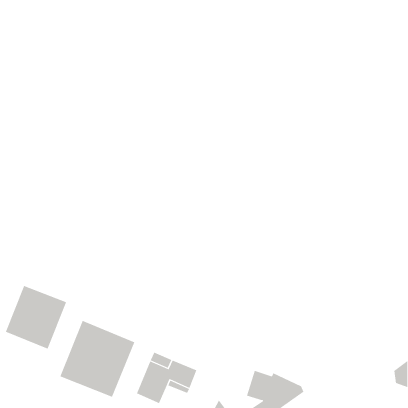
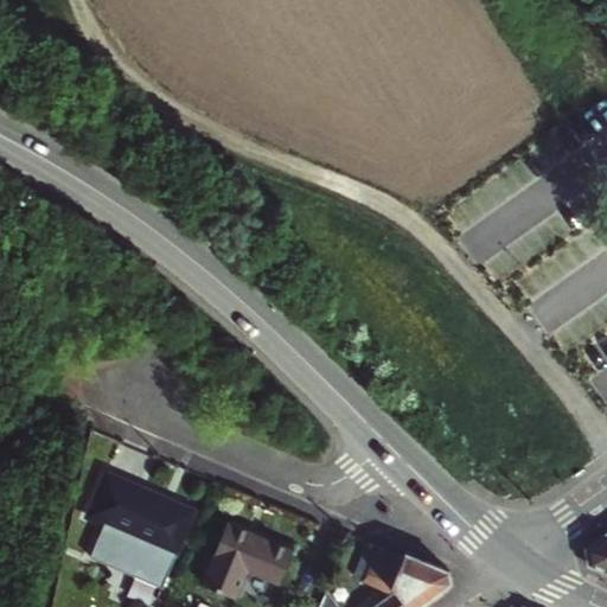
building: [5,285,67,350] -> none

